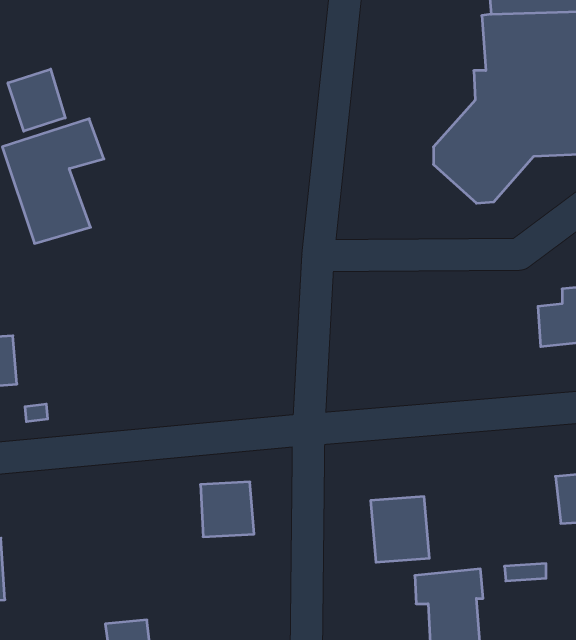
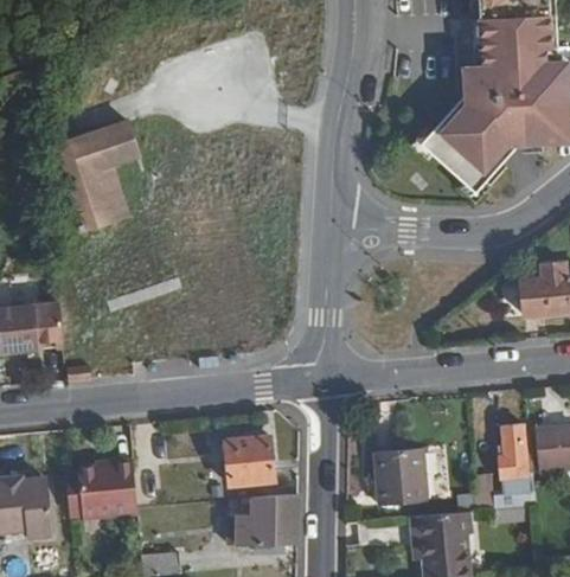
building: [8,69,65,131] -> none
building: none -> [499,422,533,494]
building: none -> [75,456,135,518]
building: none -> [226,493,296,544]

